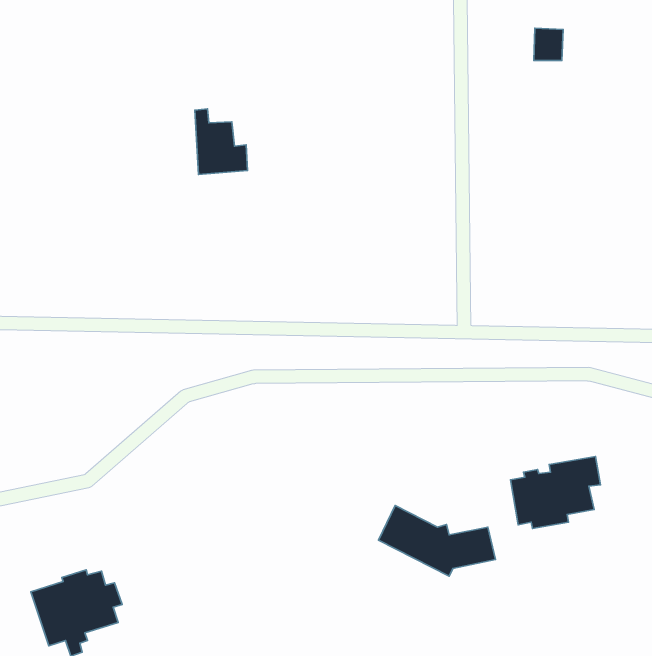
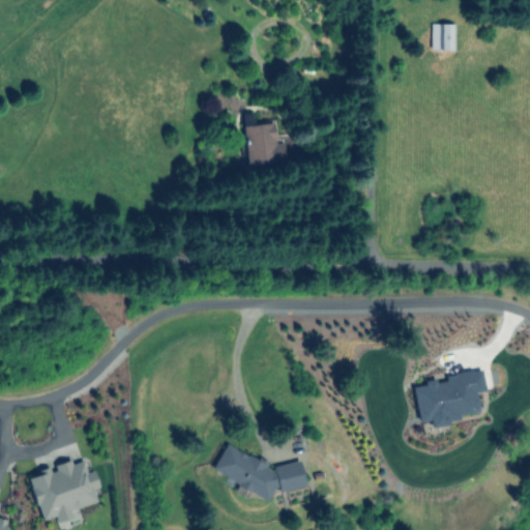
building: [195,109,247,174] -> [245,113,288,166]
building: [378,505,495,576] -> [213,443,307,500]

